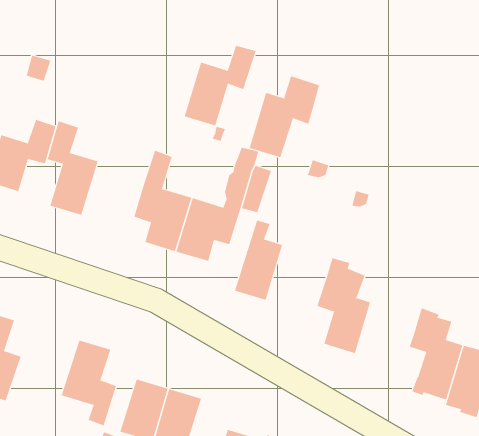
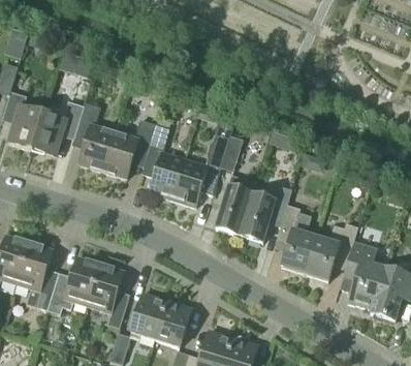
building: [184,45,256,126] -> [102,120,156,180]
building: [249,76,320,158] -> [239,182,291,243]
building: none -> [305,223,358,282]
building: none -> [46,257,100,314]

